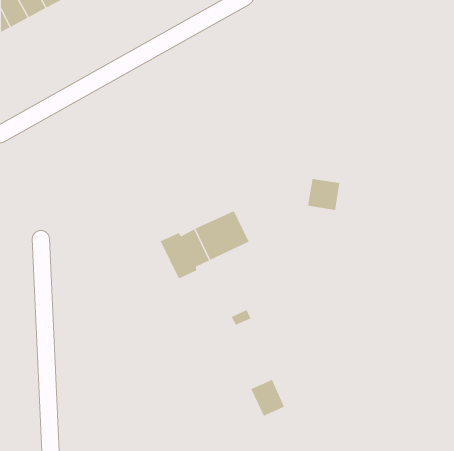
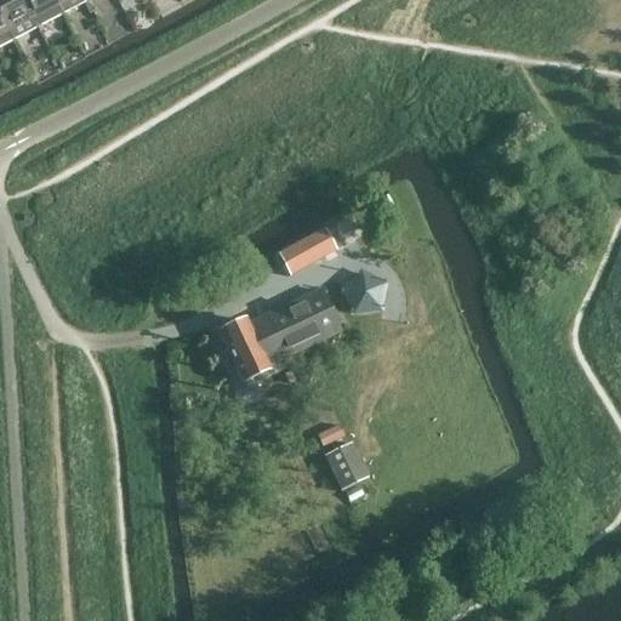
building: none -> [275,232,326,272]
building: [307,178,340,210] -> [346,266,391,309]
building: [250,379,285,417] -> [321,438,369,489]

